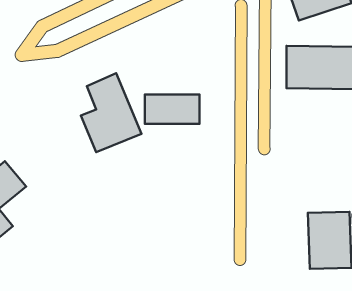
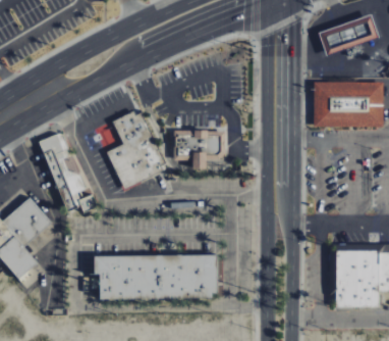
building: none -> [39,132,93,212]
building: none -> [93,255,217,298]

